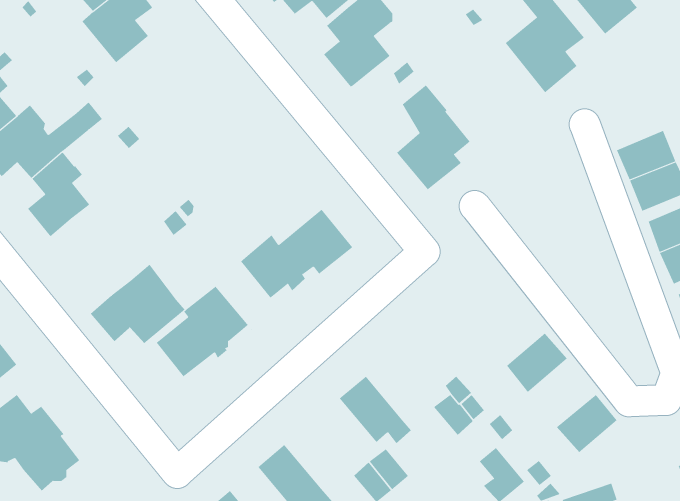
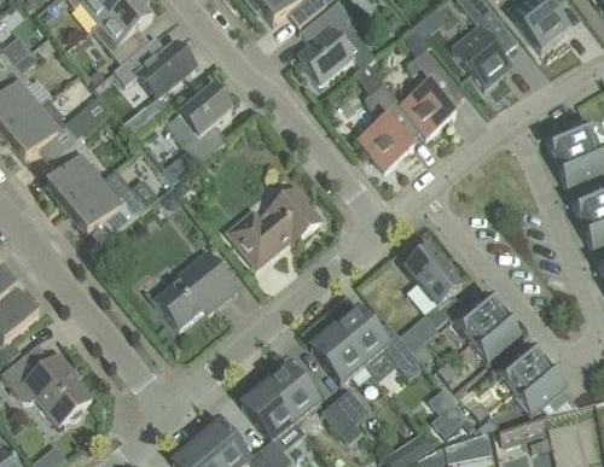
building: none -> [401,25,464,136]
building: none -> [114,36,196,98]
building: none -> [165,86,232,163]
building: [90,264,186,344] -> [66,168,147,235]
building: none -> [406,247,463,327]
building: none -> [333,308,388,364]
building: none -> [470,313,522,363]
building: none -> [513,364,564,414]
building: none -> [265,366,319,422]

